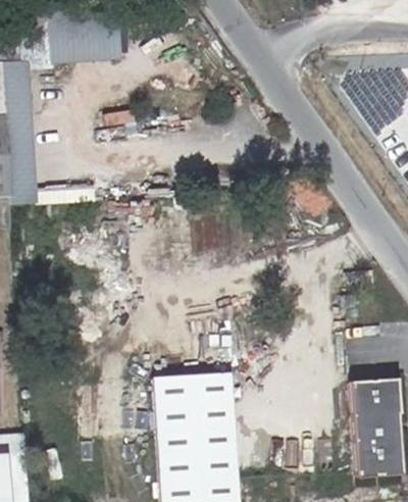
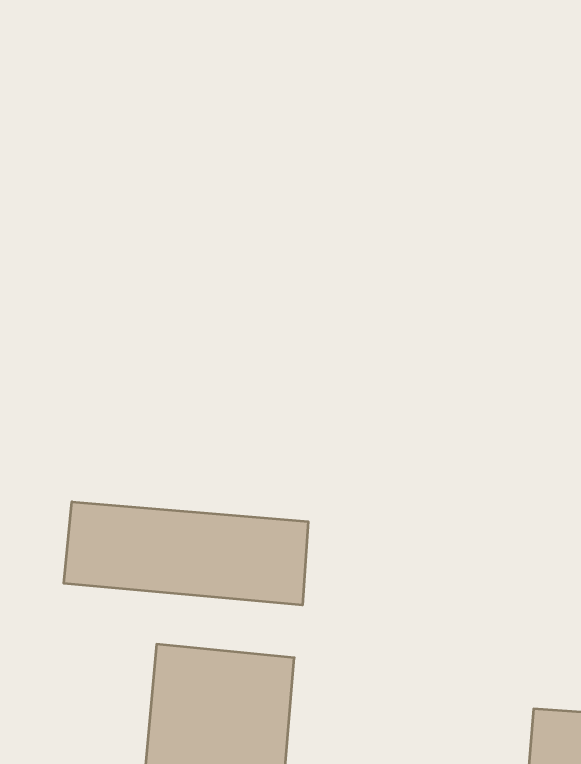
building: none -> [64,502,308,605]

